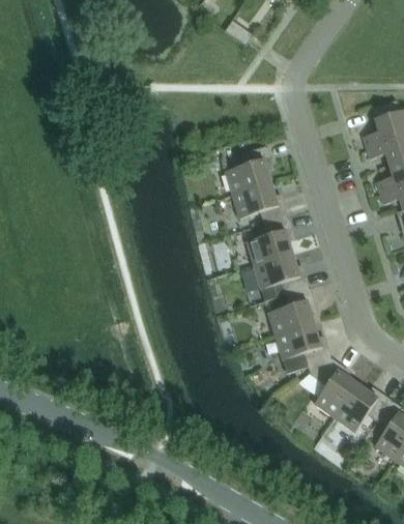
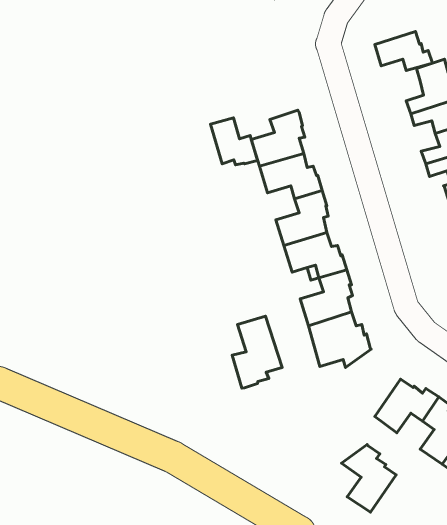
building: none -> [375,31,432,71]
building: none -> [211,118,257,165]
building: none -> [232,316,282,388]
building: [309,357,357,417] -> [341,445,396,512]

